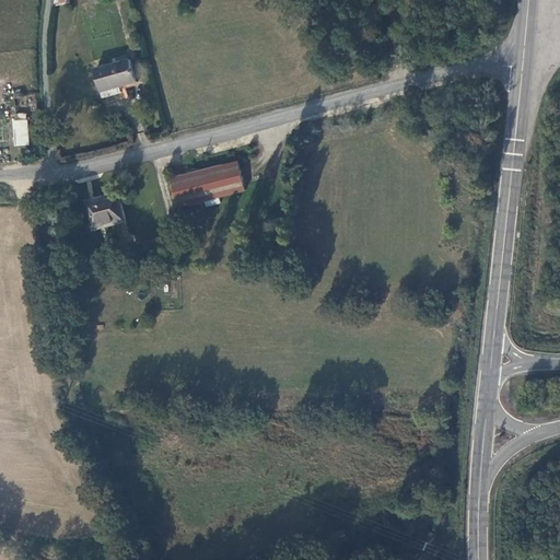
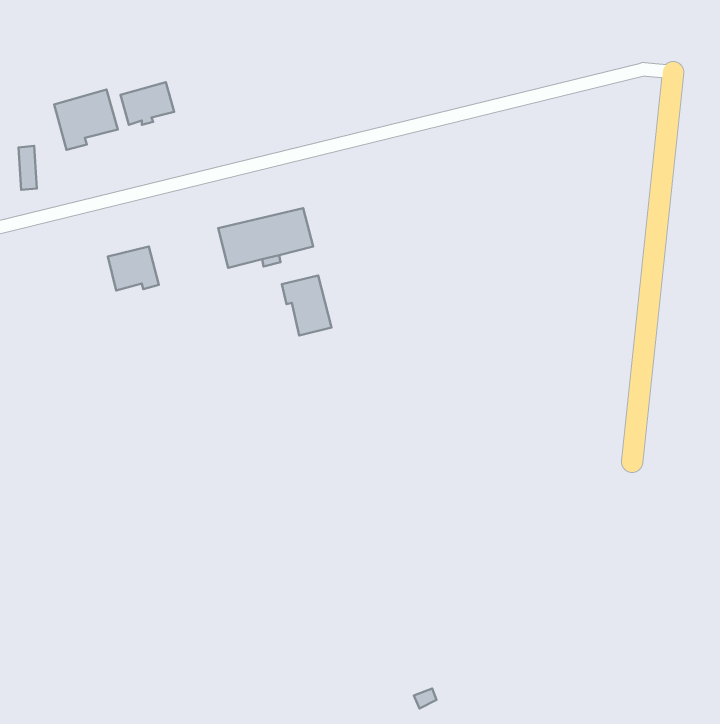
building: none -> [54,89,118,150]
building: none -> [282,276,332,336]

